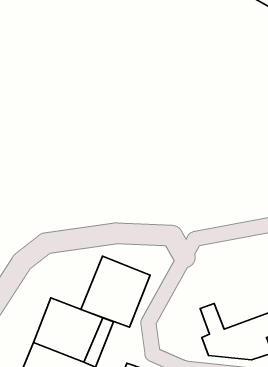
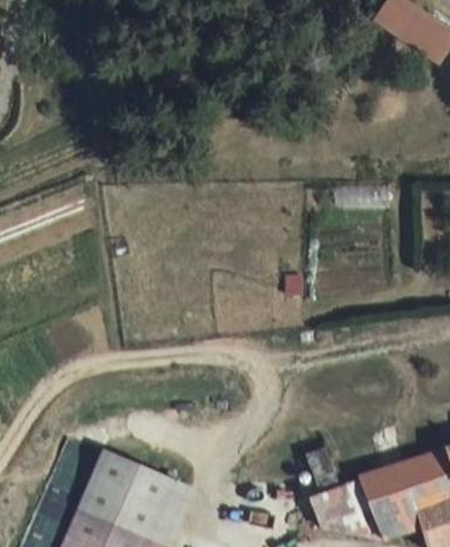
building: [81,256,150,327] -> none

